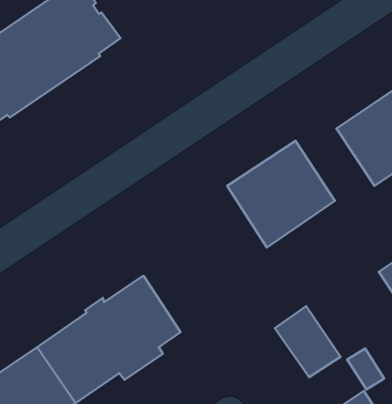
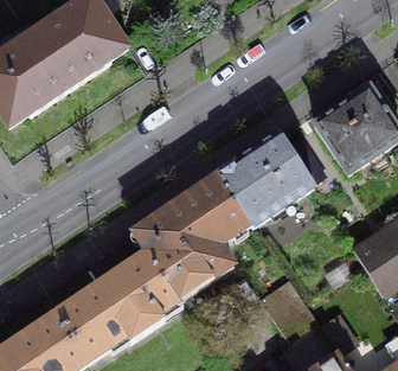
building: none -> [133,172,255,299]

